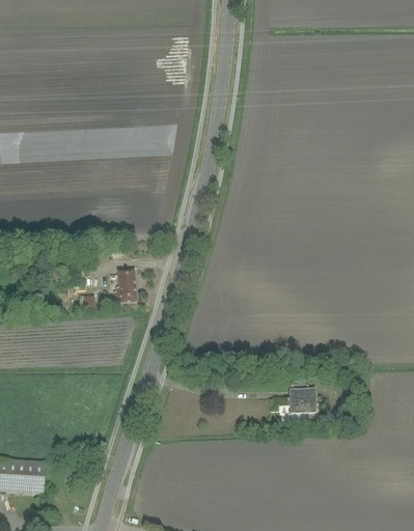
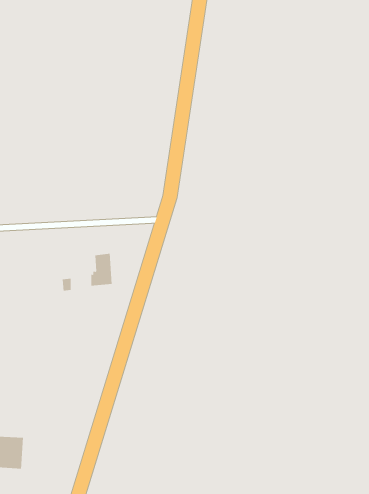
building: [288,389,314,420] -> none

